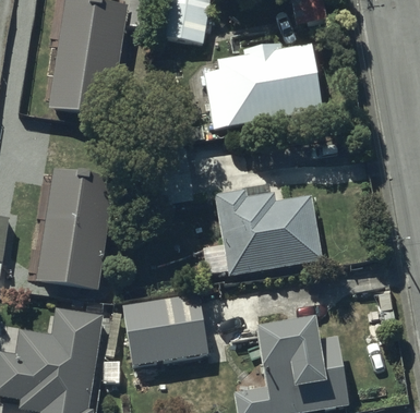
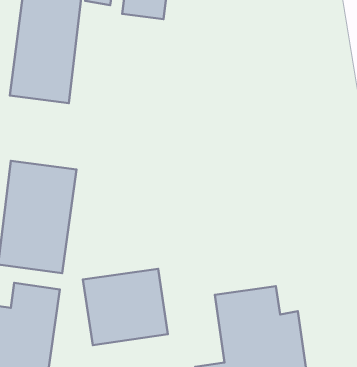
building: [203,41,320,129] -> none
building: [205,189,320,274] -> none

